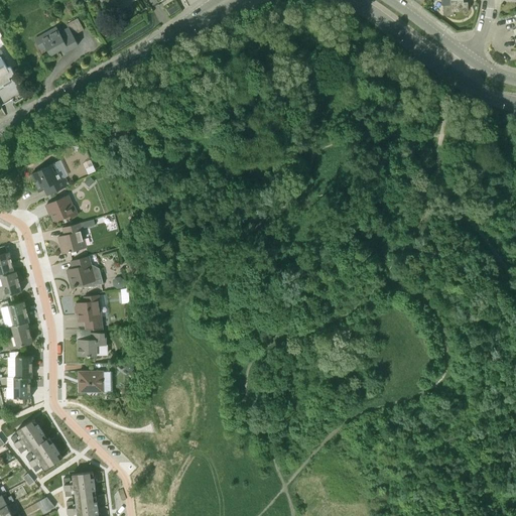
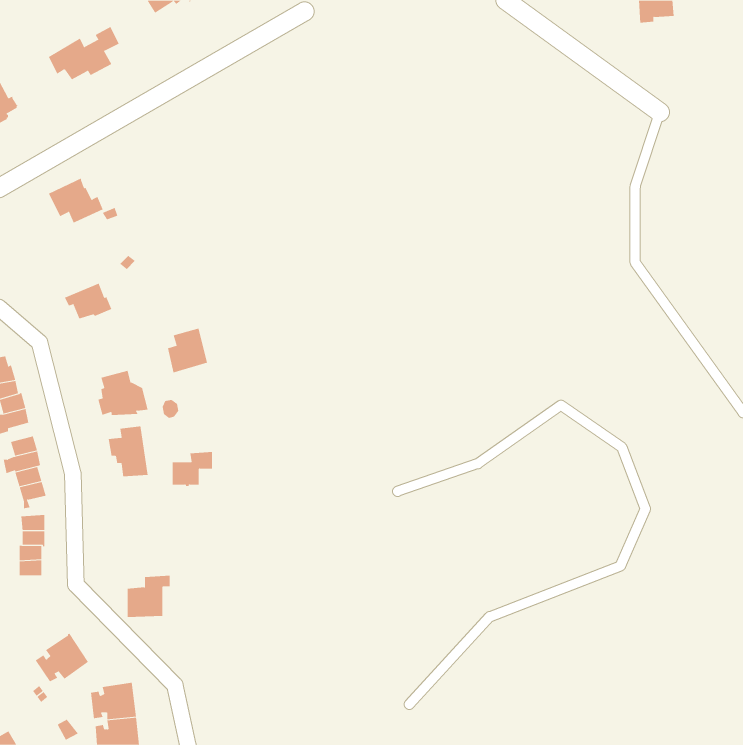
building: [30,163,69,196] -> [48,177,104,224]
building: [57,223,86,254] -> [167,328,208,373]
building: [78,333,106,357] -> [172,452,213,487]
building: [78,363,108,392] -> [127,575,170,618]
building: [10,419,46,454] -> none

